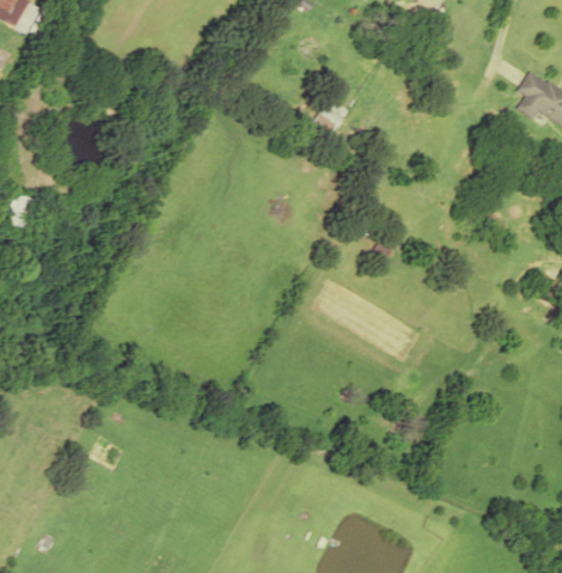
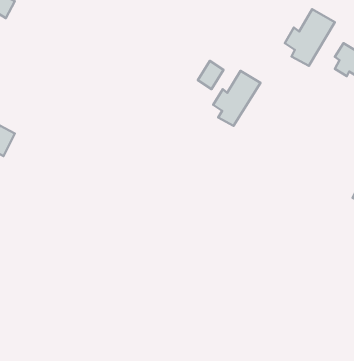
building: none -> [285,9,335,66]
building: none -> [213,71,260,126]

